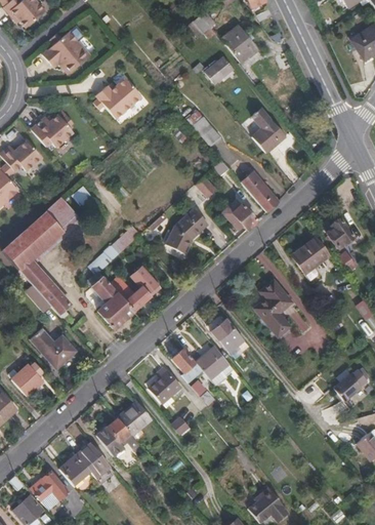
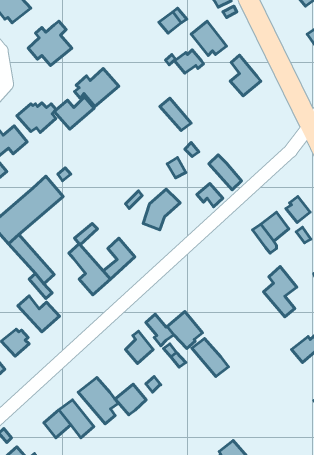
building: [251,108,285,153] -> [230,55,261,96]
building: none -> [54,97,94,129]
building: [254,280,291,335] -> [263,267,297,317]
building: [211,319,244,353] -> none
building: none -> [192,338,228,377]
building: [116,401,151,435] -> [115,384,146,415]
building: [30,472,67,499] -> none

